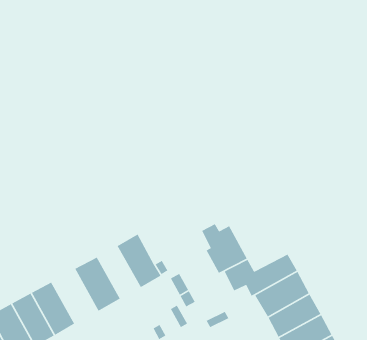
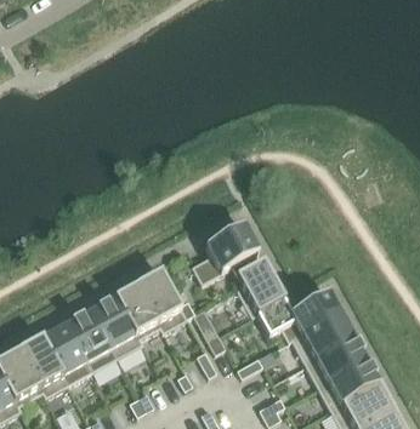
building: none -> [193,222,260,281]
building: none -> [117,281,165,341]
building: none -> [66,307,118,368]

